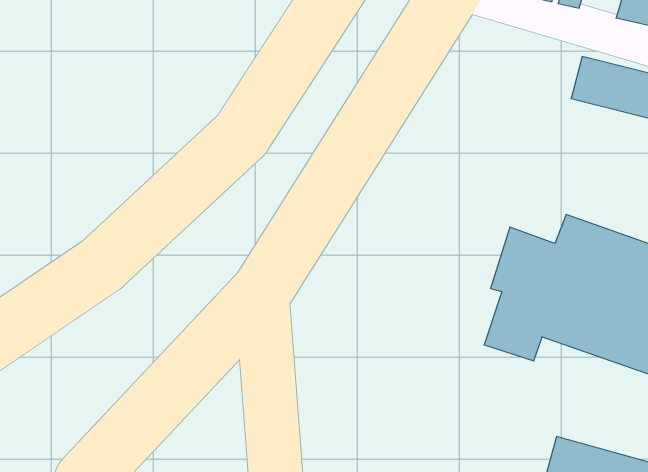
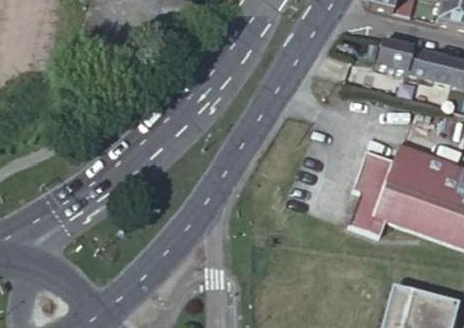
building: none -> [377,38,414,73]

